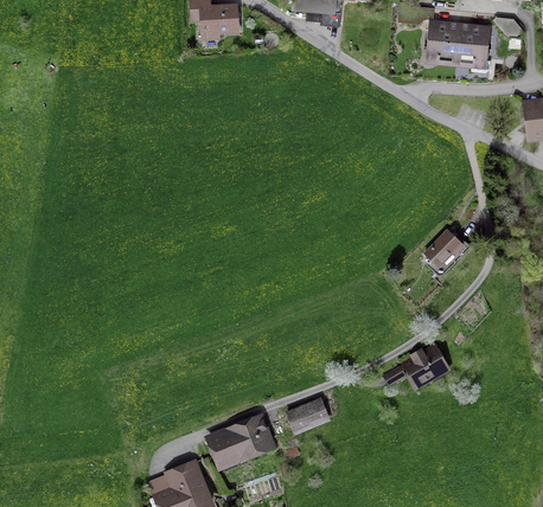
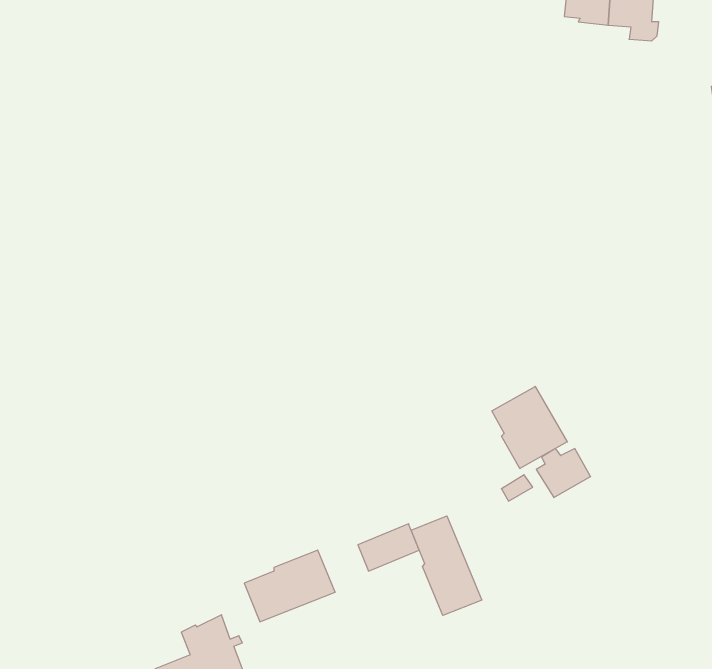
building: [424,229,471,276] -> none
building: none -> [492,386,567,469]
building: none -> [411,516,482,615]

